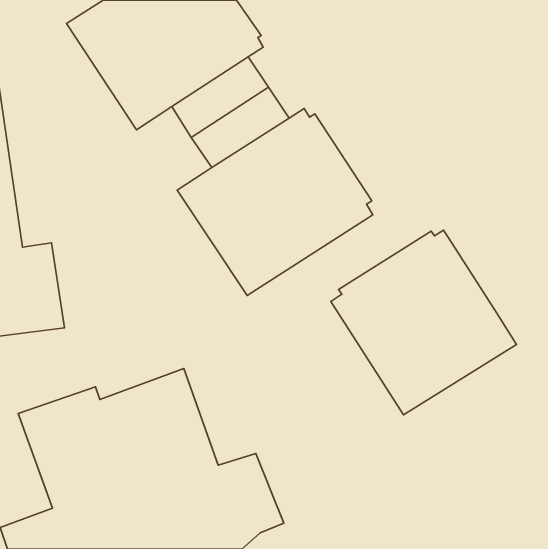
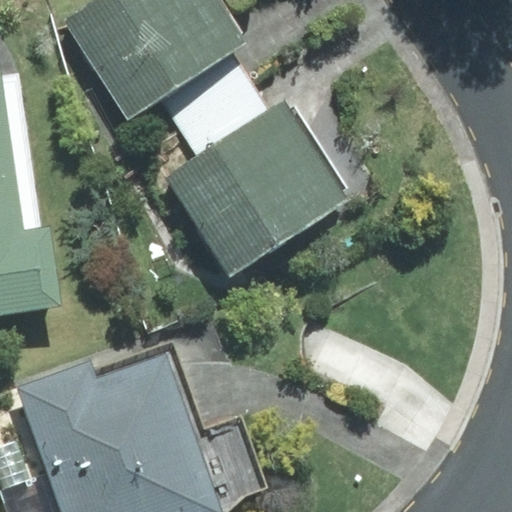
building: [331,230,516,415] -> none

